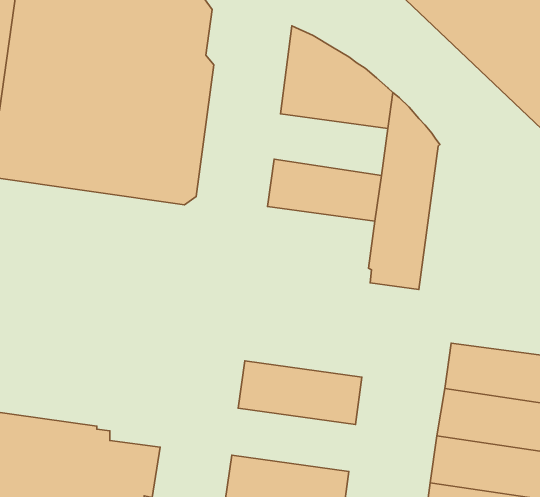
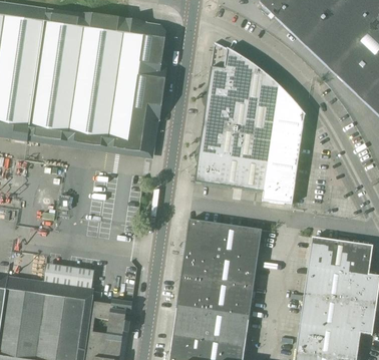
building: none -> [203,95,273,133]
building: none -> [194,152,265,191]
building: none -> [184,219,262,258]
building: none -> [176,277,253,316]

